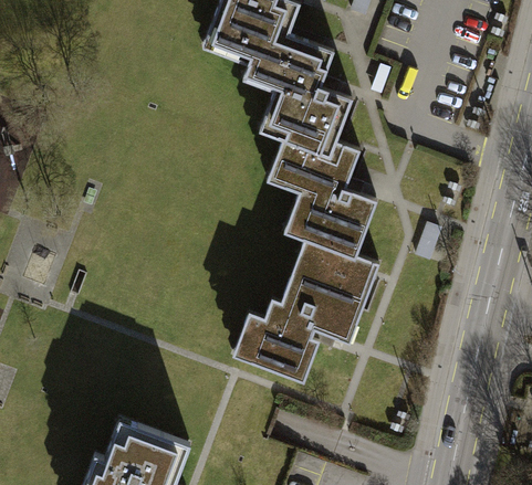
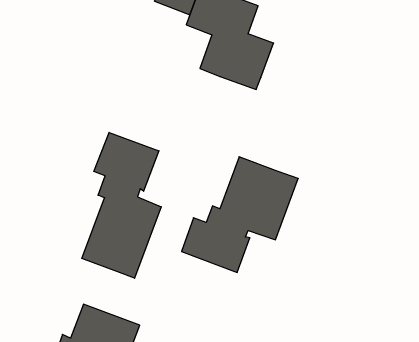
building: [271,143,376,257] -> none
building: none -> [82,132,161,278]

